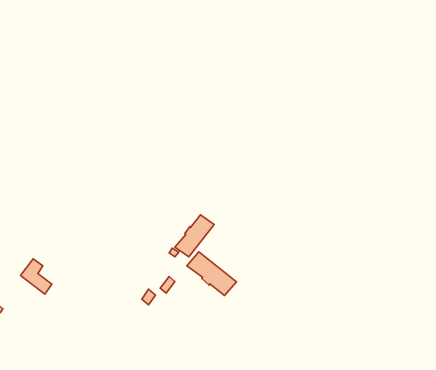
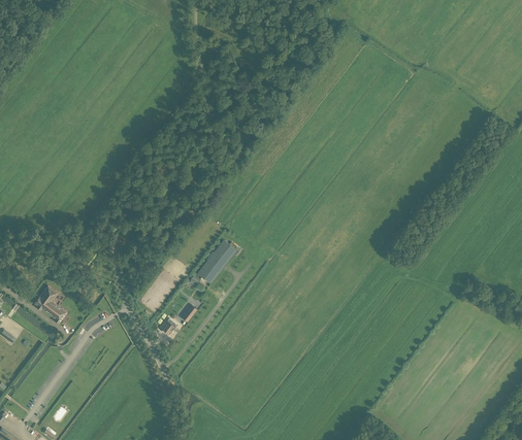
building: [187,252,237,296] -> none

